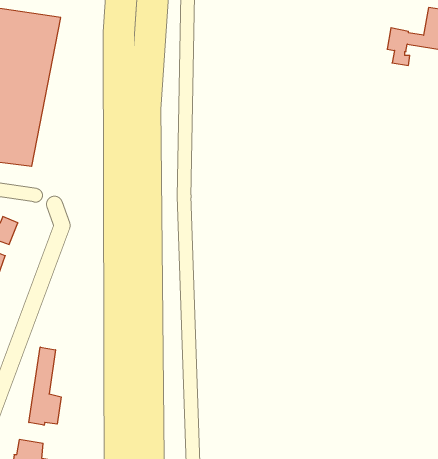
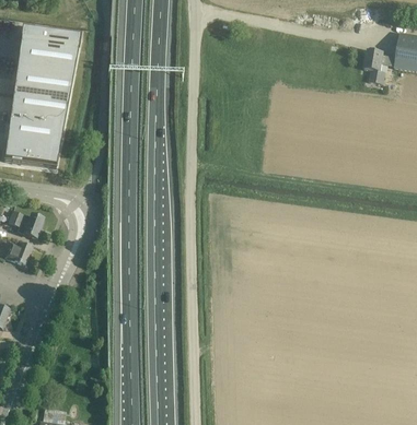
building: [29,347,61,425] -> none

